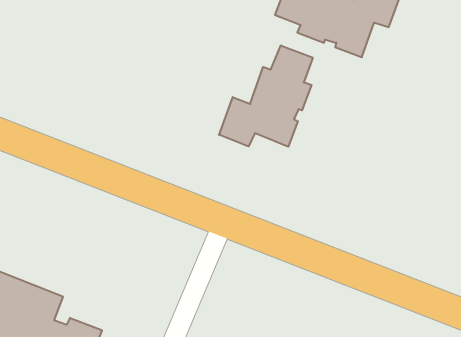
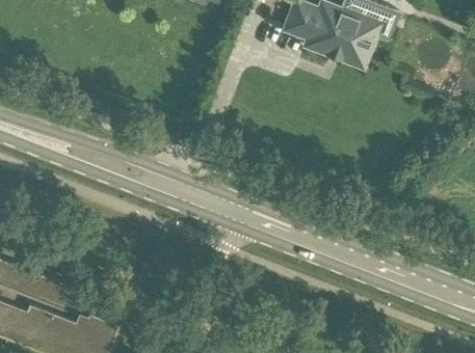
building: [219,45,313,147] -> none

